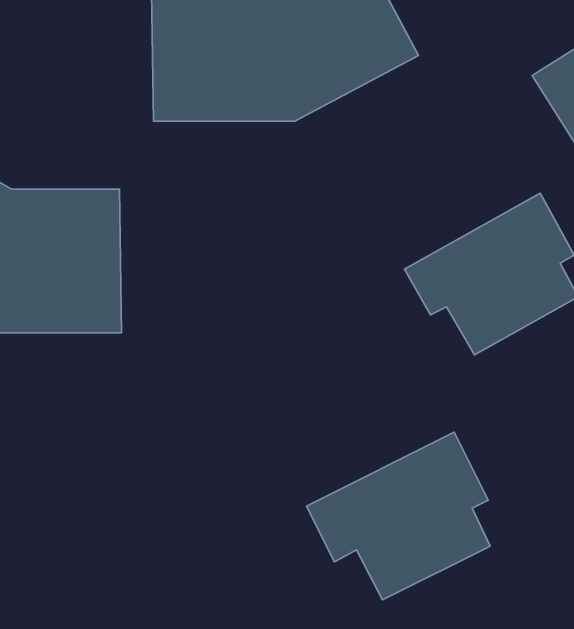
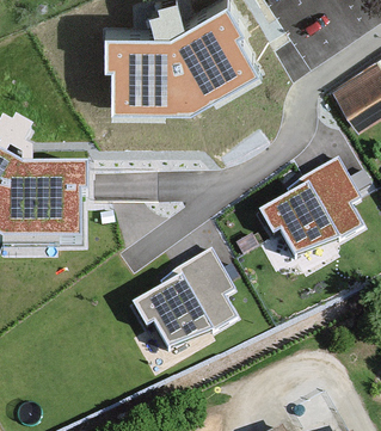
building: [307,432,490,600] -> [125,248,235,349]

